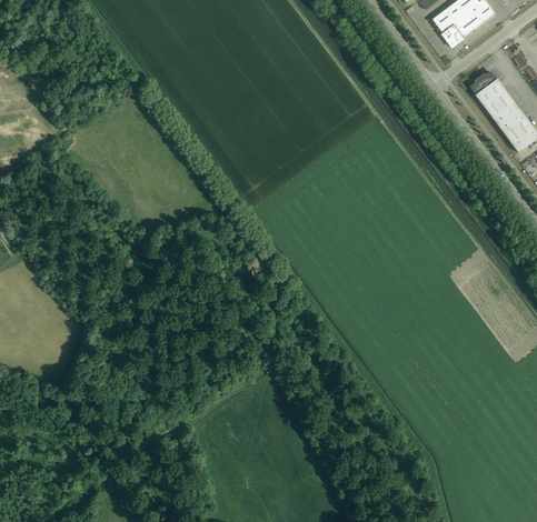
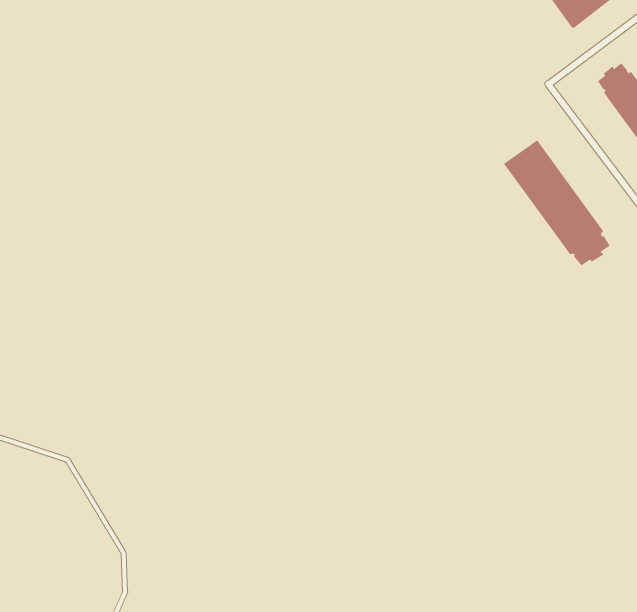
building: none -> [503,140,611,266]

